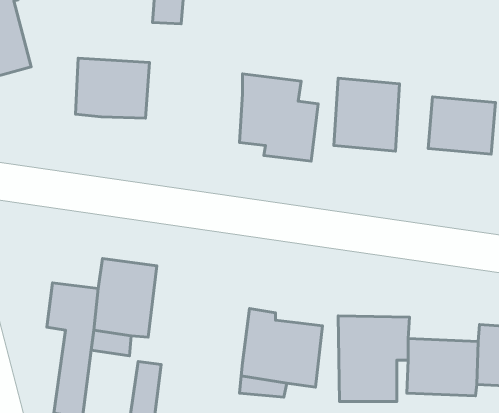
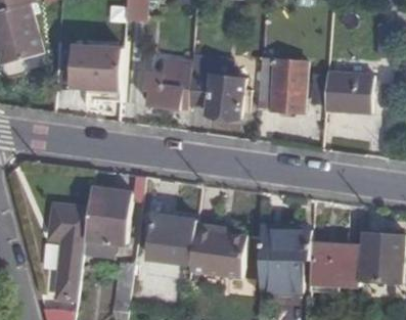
building: none -> [145,59,191,109]
building: none -> [150,218,196,263]

